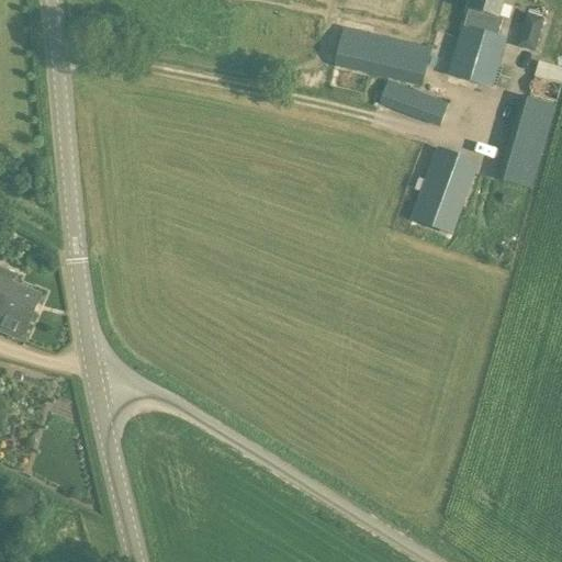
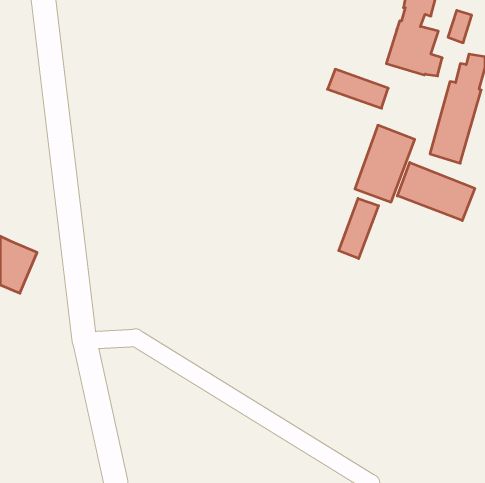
building: [333,25,432,86] -> none
building: none -> [397,162,475,221]
building: none -> [339,198,379,259]

